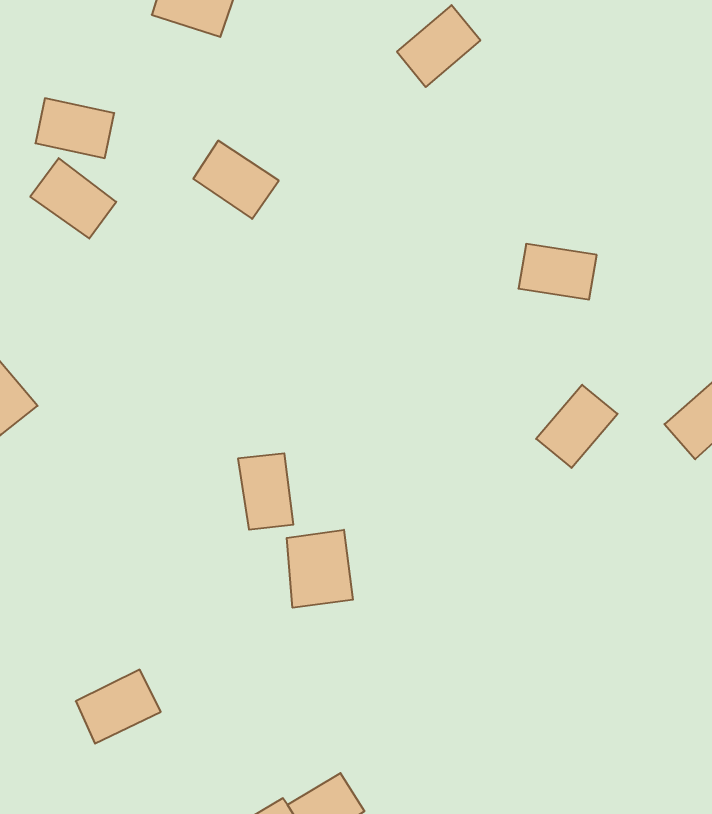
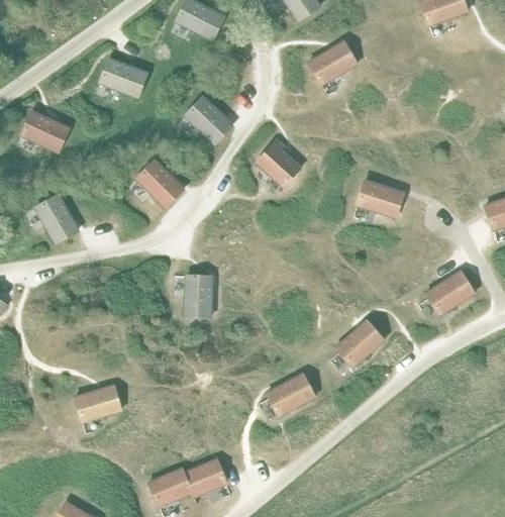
building: [30,158,116,239] -> [136,160,184,207]
building: none -> [257,140,300,187]
building: [536,385,618,468] -> [335,321,383,367]
building: [287,530,353,608] -> none
building: none -> [266,374,314,416]

